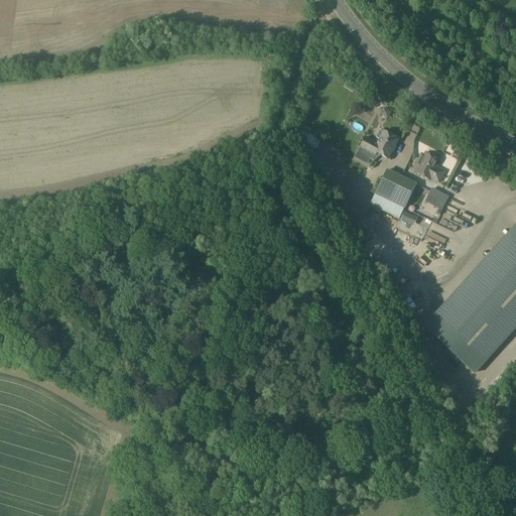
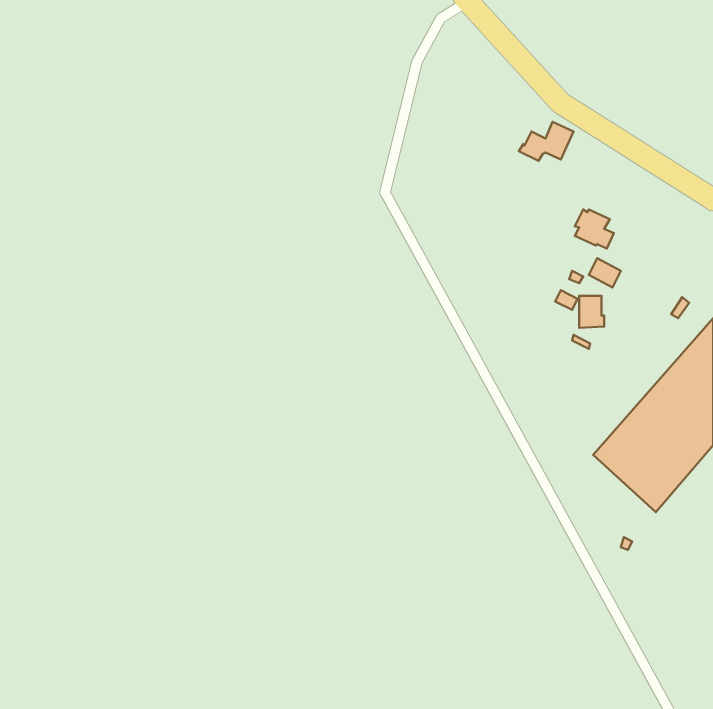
building: [359,130,398,158] -> [519,122,573,161]
building: [370,168,416,217] -> none

